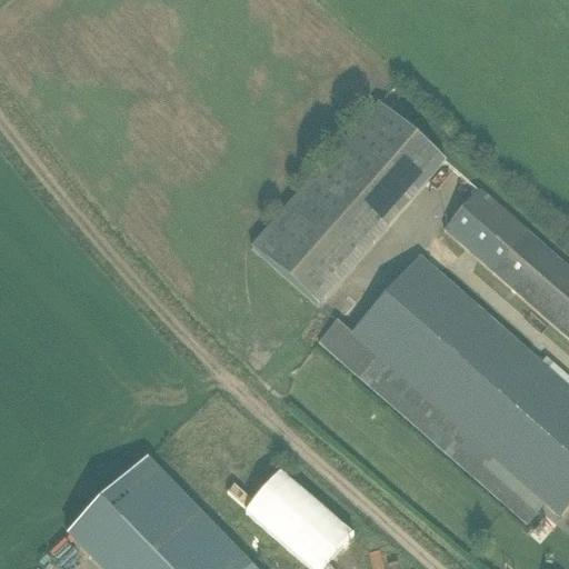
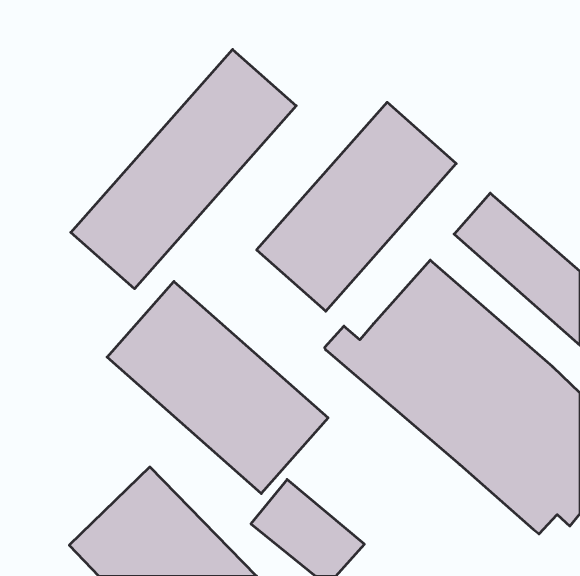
building: none -> [71,49,296,289]
building: none -> [107,281,328,494]

